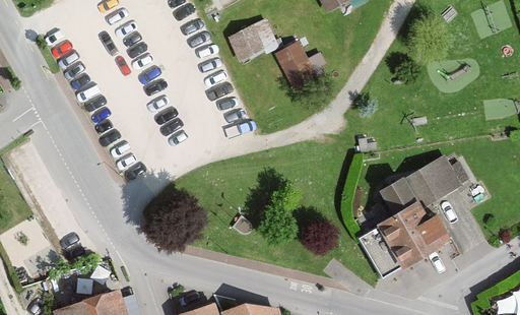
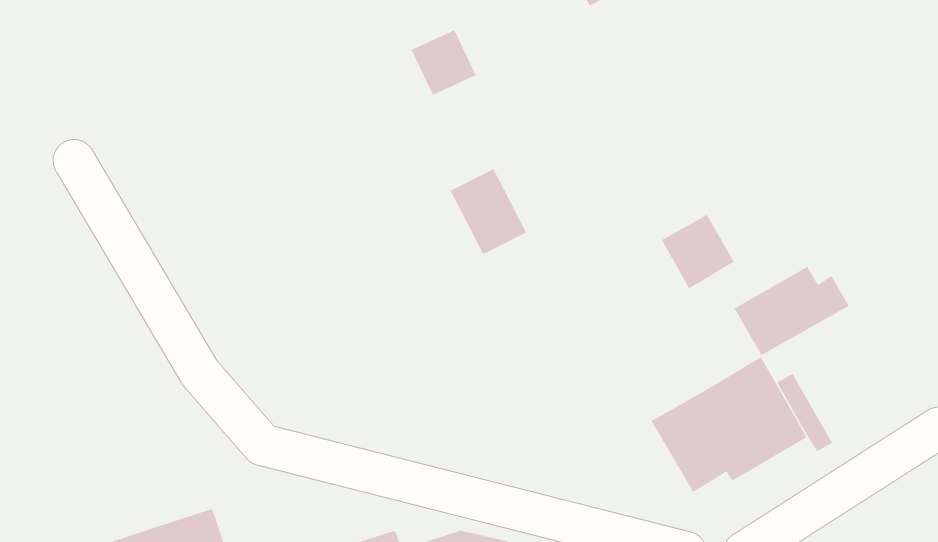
building: [274,42,317,89] -> [450,168,527,255]
building: [380,179,420,220] -> [661,214,735,290]

